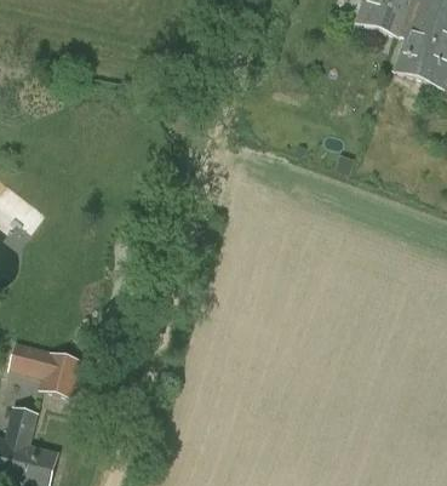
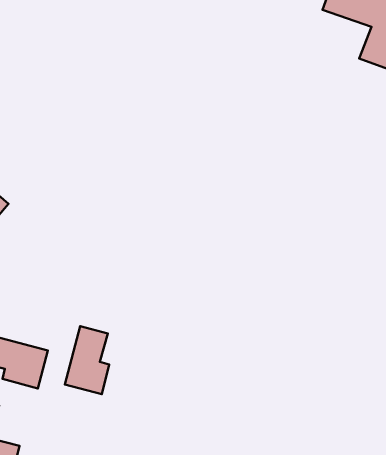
building: none -> [65,326,109,394]

